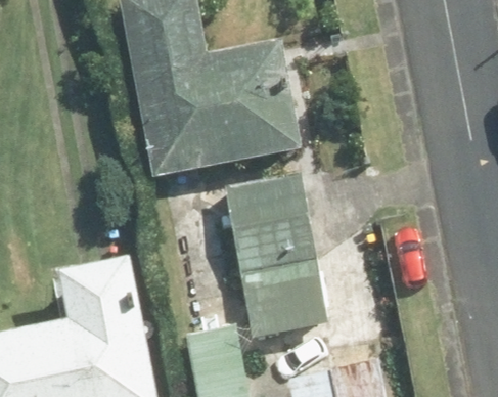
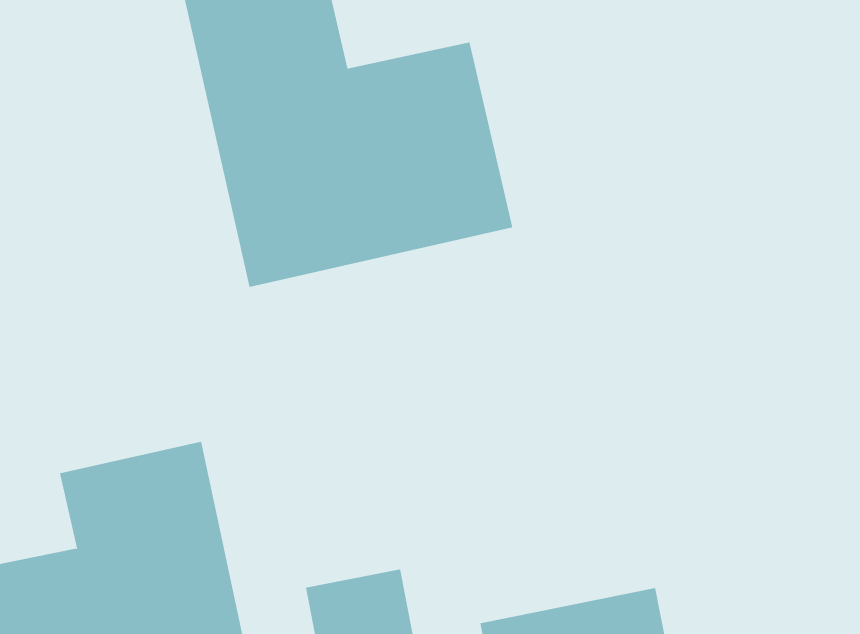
building: [222,168,338,335] -> none

